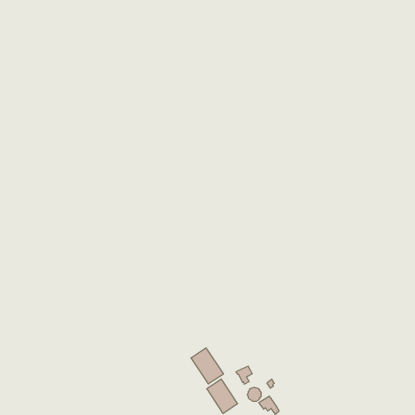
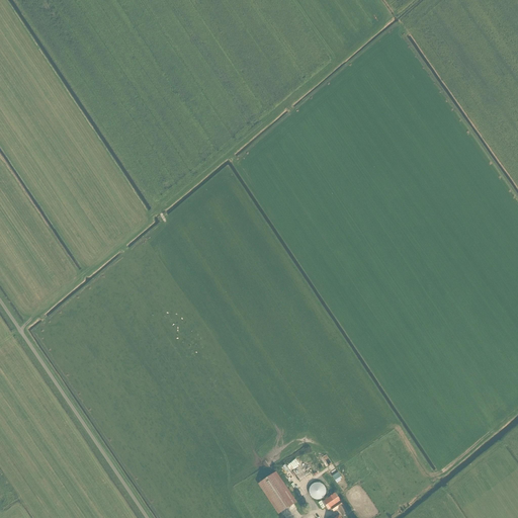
building: [191,348,223,384] -> none

